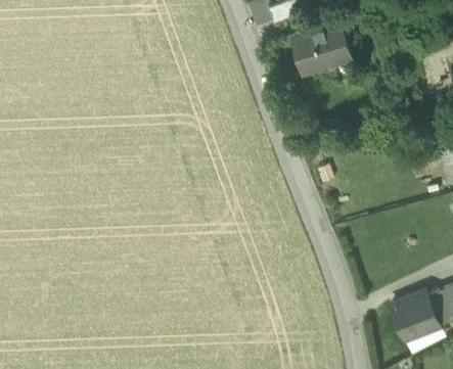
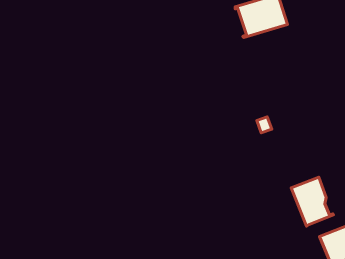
building: none -> [291,177,333,226]

